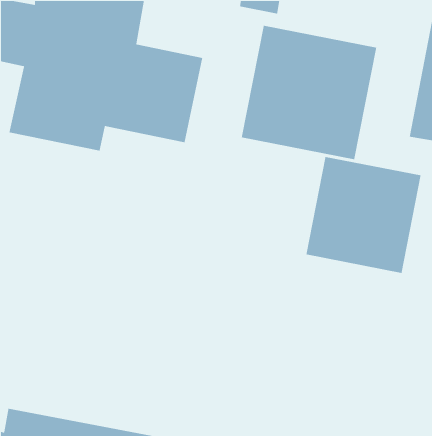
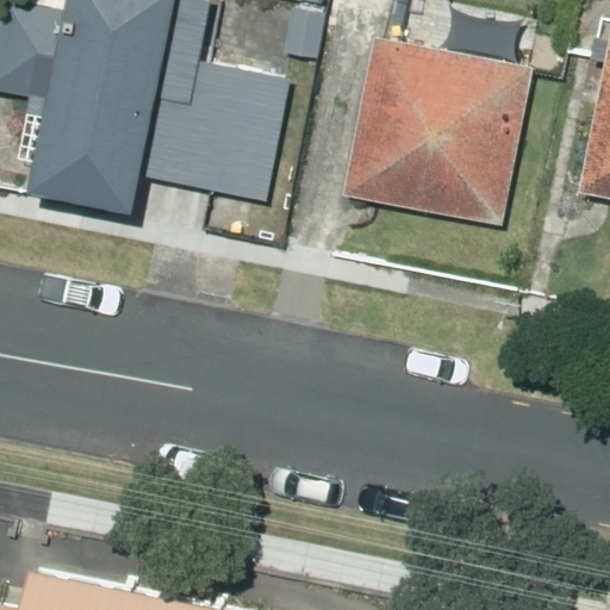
building: [305,156,422,274] -> none

